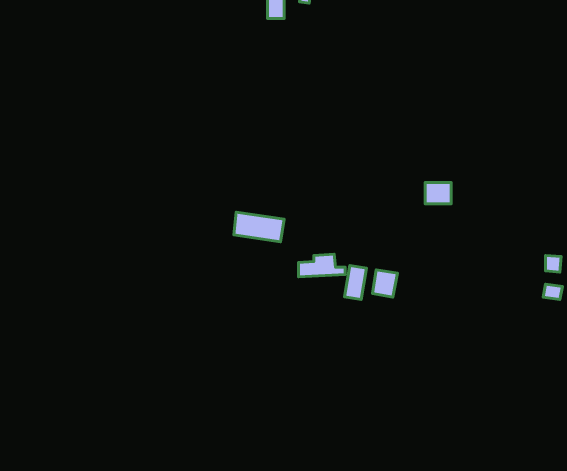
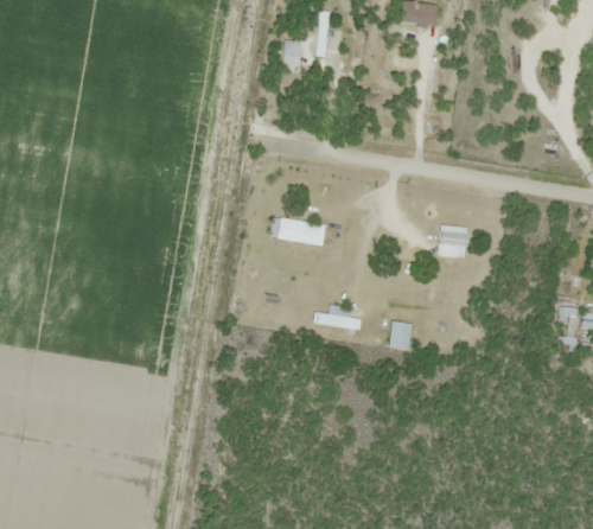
building: [234,212,284,242] -> [275,216,325,246]
building: [345,266,366,300] -> none

